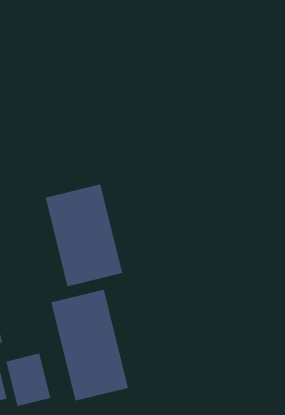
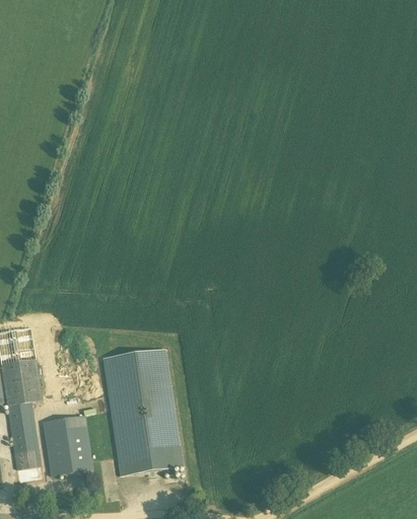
building: [45,183,123,287] -> none

